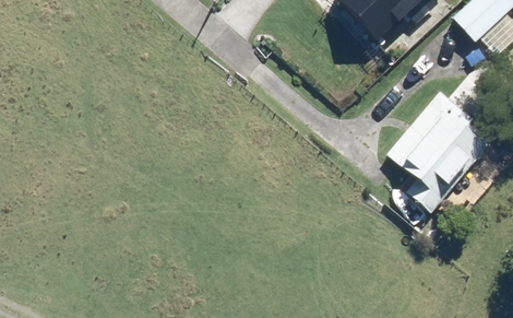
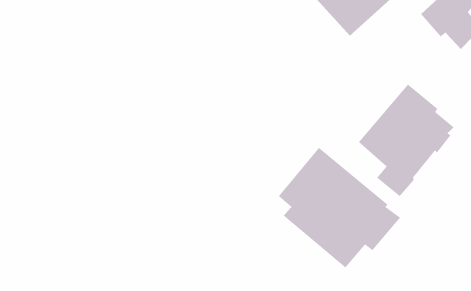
building: none -> [278,147,401,268]

